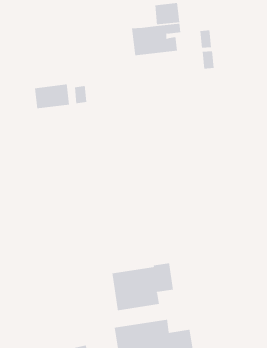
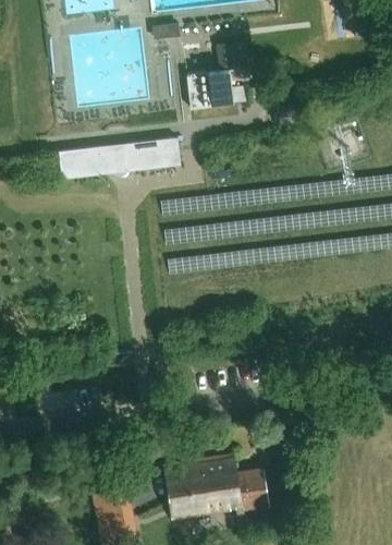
building: none -> [135,137,182,170]
building: [112,262,174,311] -> none

